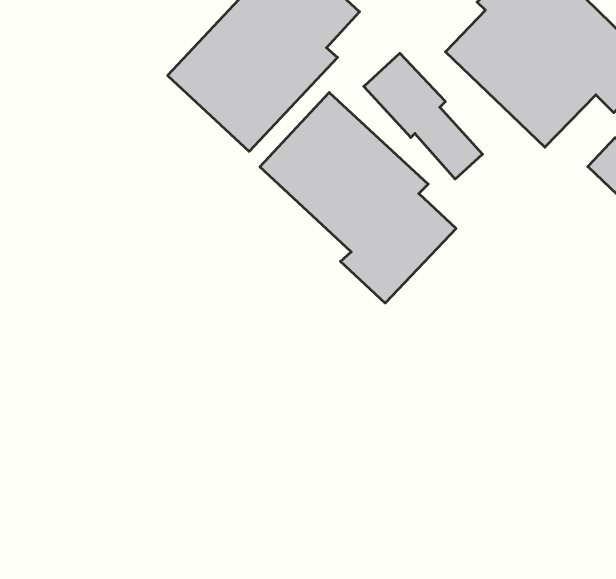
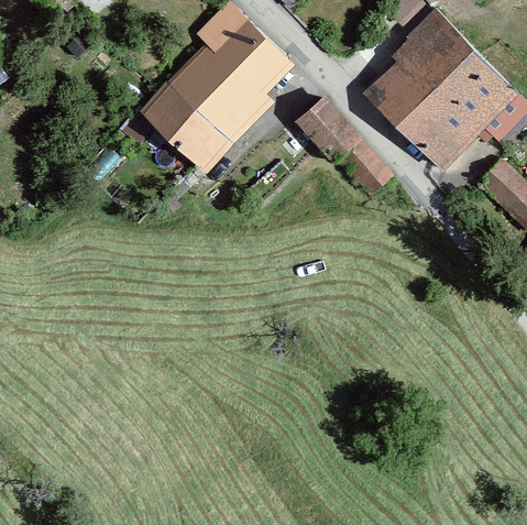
building: [260,92,456,303] -> none

